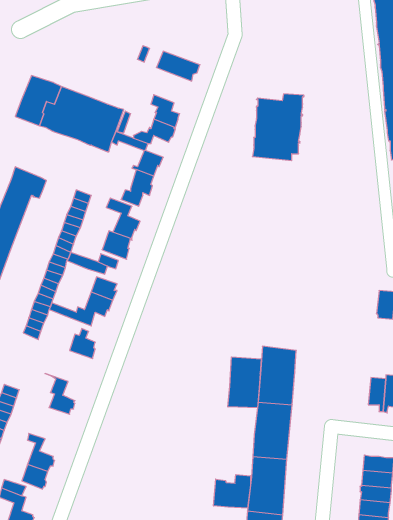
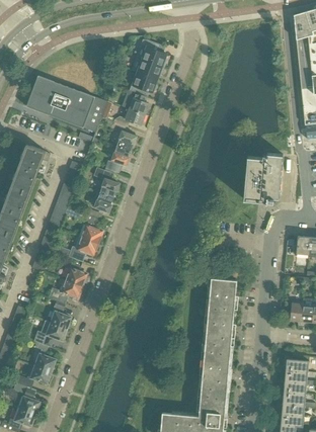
building: none -> [137,40,167,68]
building: none -> [130,72,158,97]
building: [252,94,304,161] -> [244,153,283,202]
building: none -> [49,280,84,304]
building: [228,357,261,408] -> none
building: none -> [33,321,67,347]
building: [214,475,251,508] -> none

